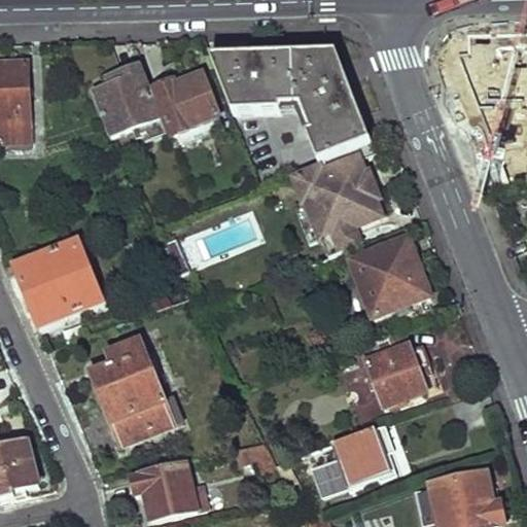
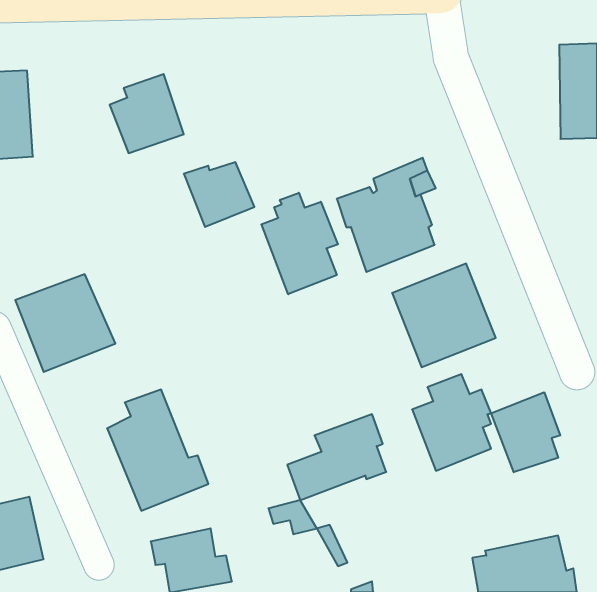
building: [209,51,370,159] -> none
building: [154,74,216,131] -> [184,162,254,227]
building: none -> [261,193,338,294]
building: none -> [491,392,560,472]
building: [308,422,394,497] -> [287,414,386,500]

